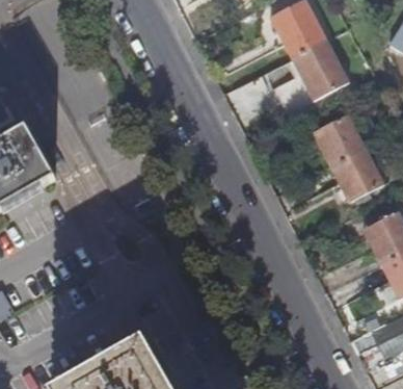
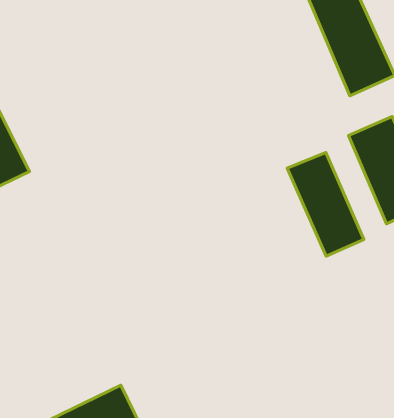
building: none -> [287,152,364,256]

